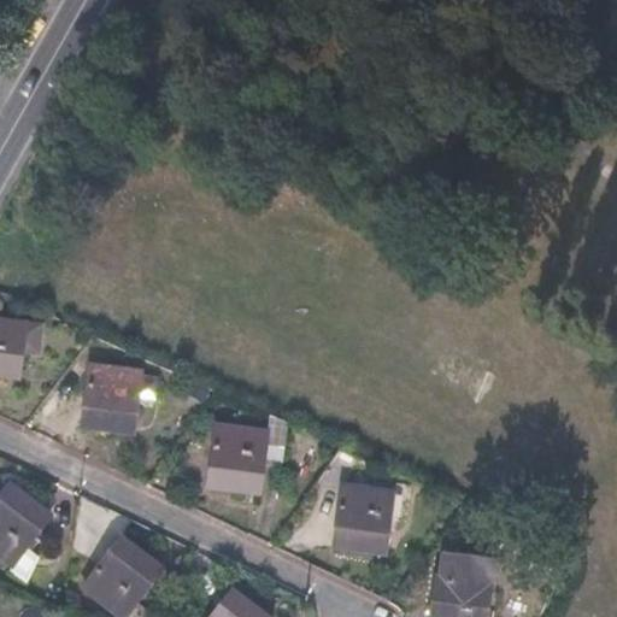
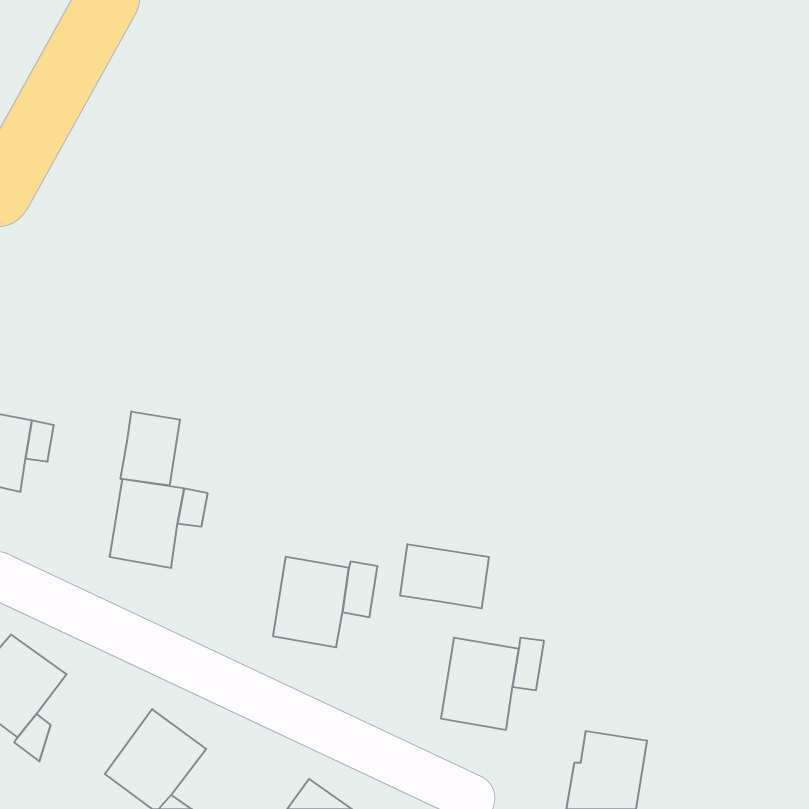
building: none -> [121,411,180,486]
building: none -> [400,544,489,608]

